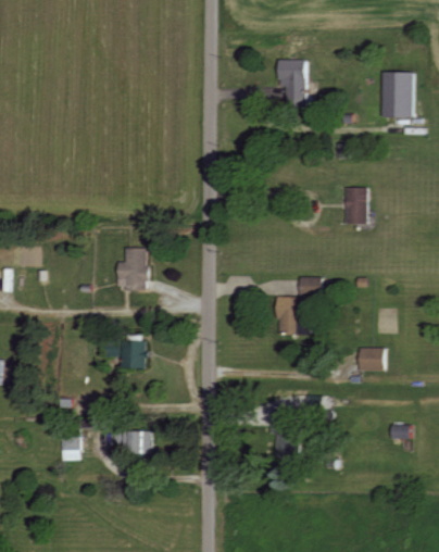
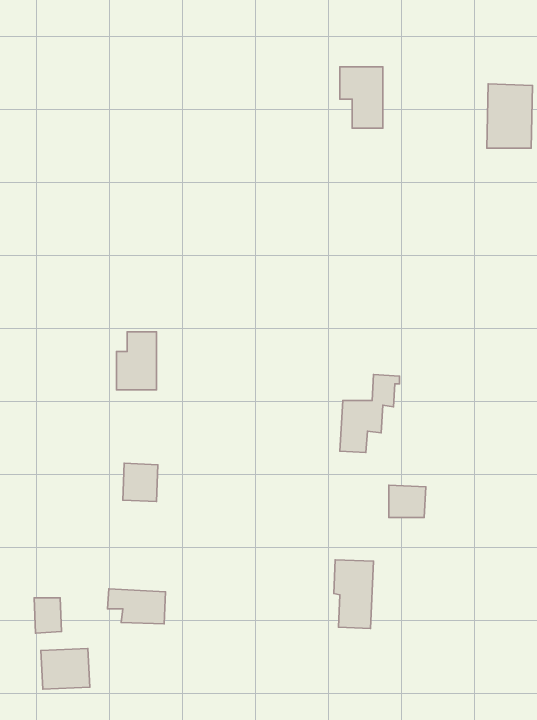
building: [344,187,365,223] -> none
building: [359,347,385,369] -> [389,485,426,517]
building: none -> [41,649,90,689]

